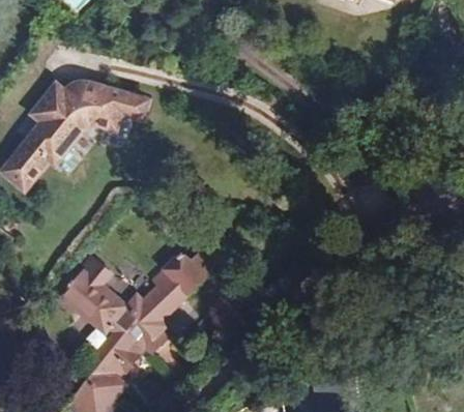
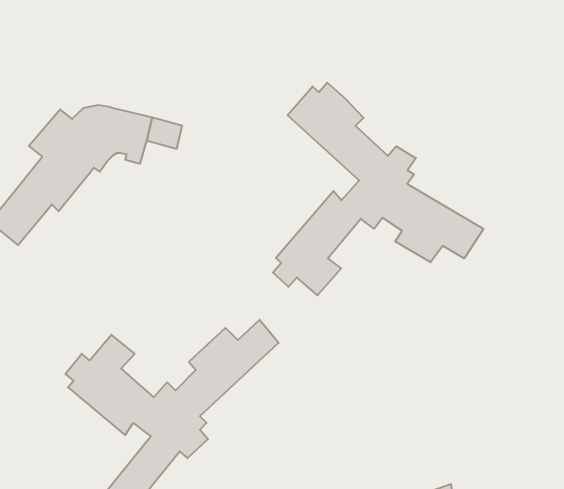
building: none -> [273,83,483,295]

